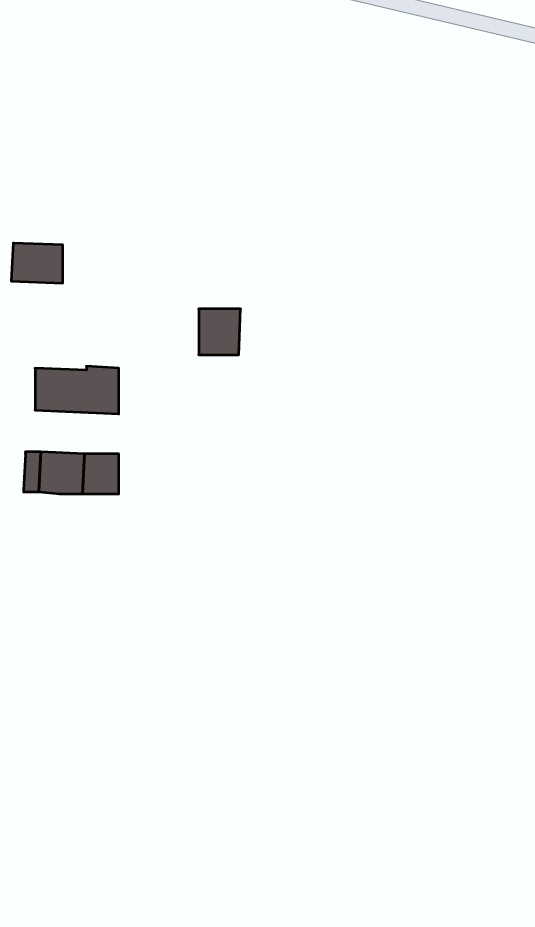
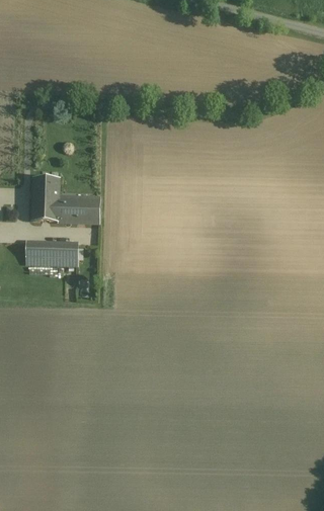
building: [11,243,63,283] -> [31,178,59,199]
building: [199,309,241,355] -> [76,198,98,223]

